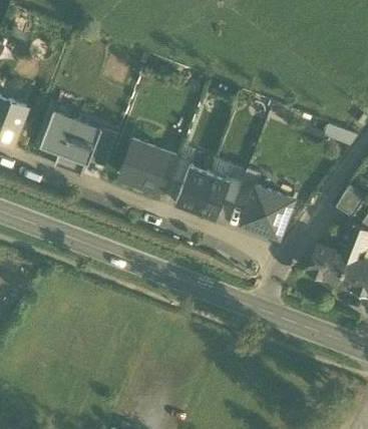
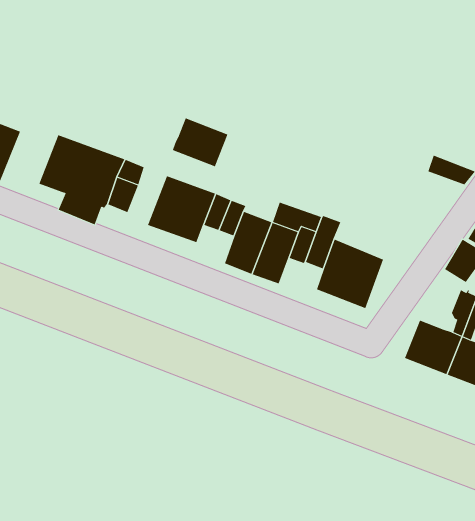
building: none -> [172,117,228,167]

